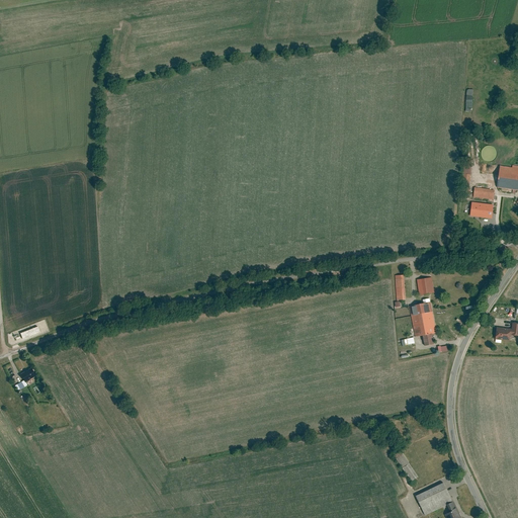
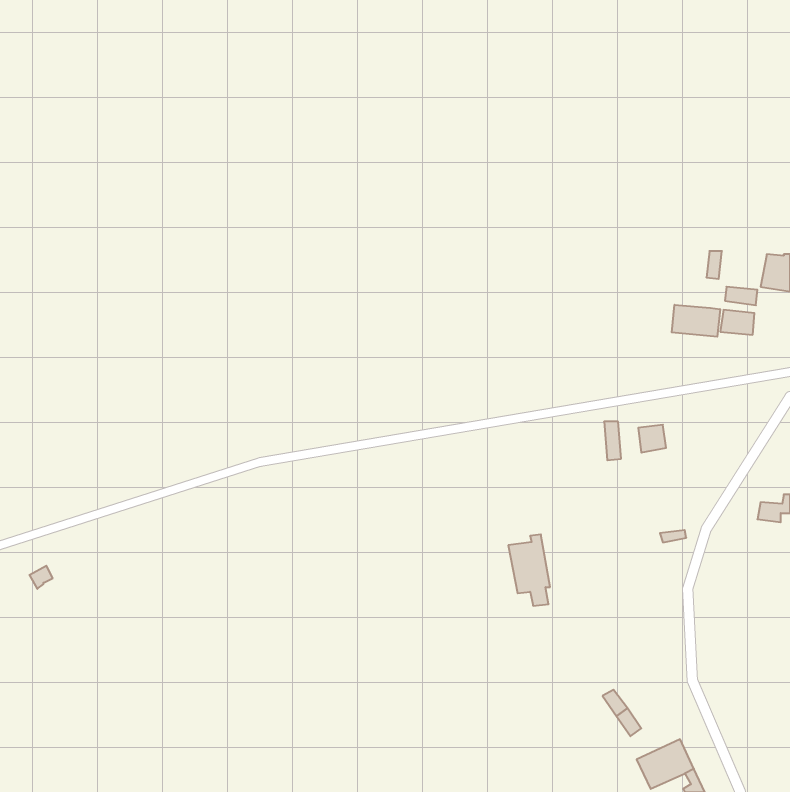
building: none -> [672,305,720,337]
building: [409,298,436,345] -> [508,534,550,606]

